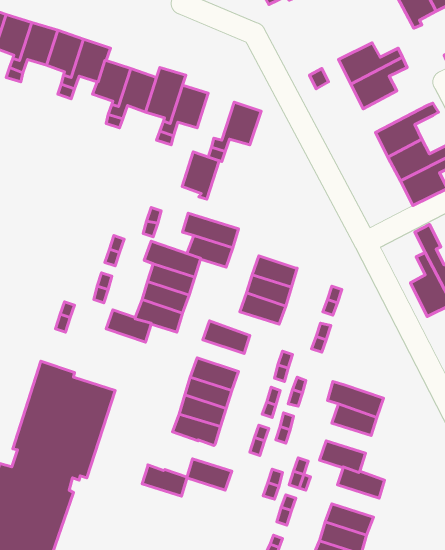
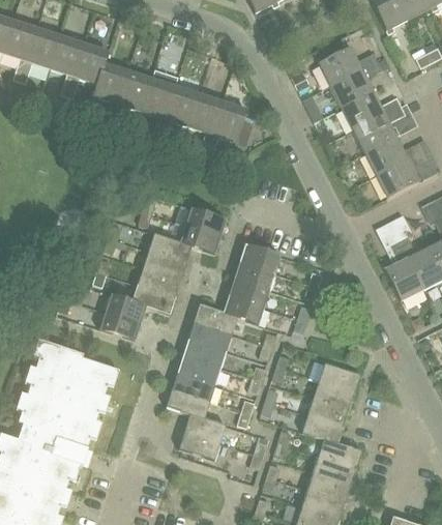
building: none -> [342,91,401,129]
building: [182,152,219,199] -> [188,93,223,137]
building: none -> [223,295,264,324]
building: none -> [99,311,141,341]
building: none -> [188,321,232,350]
building: none -> [307,398,349,426]
building: [142,465,187,496] -> [184,413,226,442]
building: none -> [313,455,356,485]

